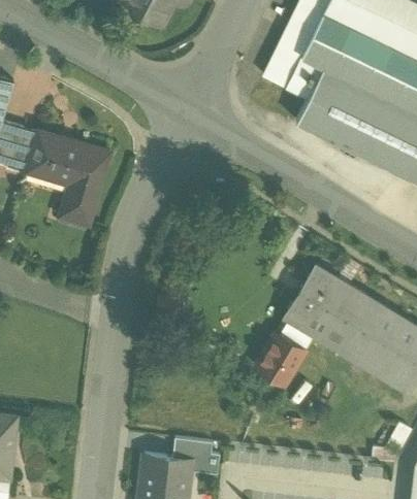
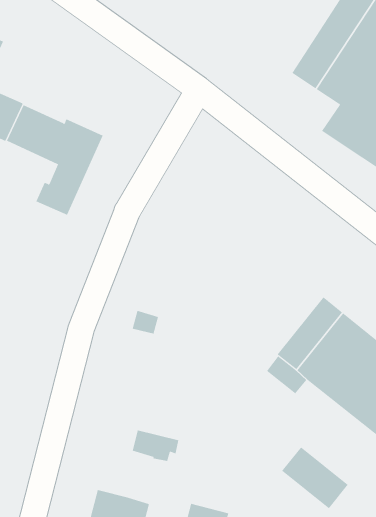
building: [256,336,304,387] -> none
building: none -> [281,446,348,509]
building: [173,441,213,465] -> [132,430,179,462]

